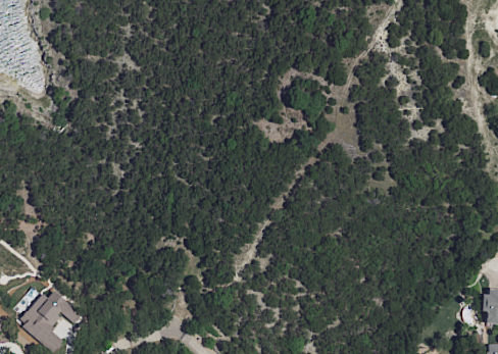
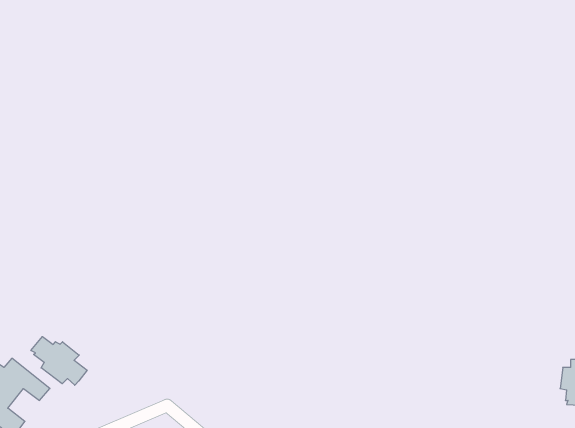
building: none -> [31,337,87,385]

